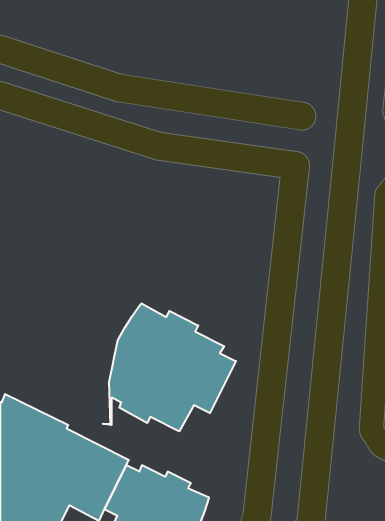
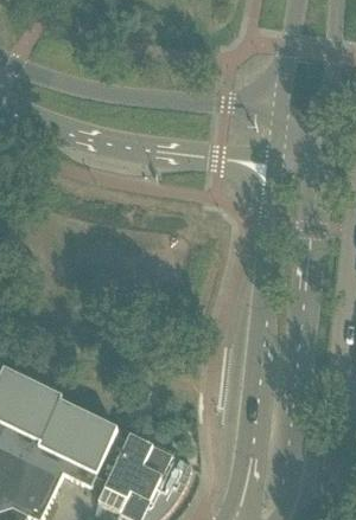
building: [103,303,236,431] -> none

